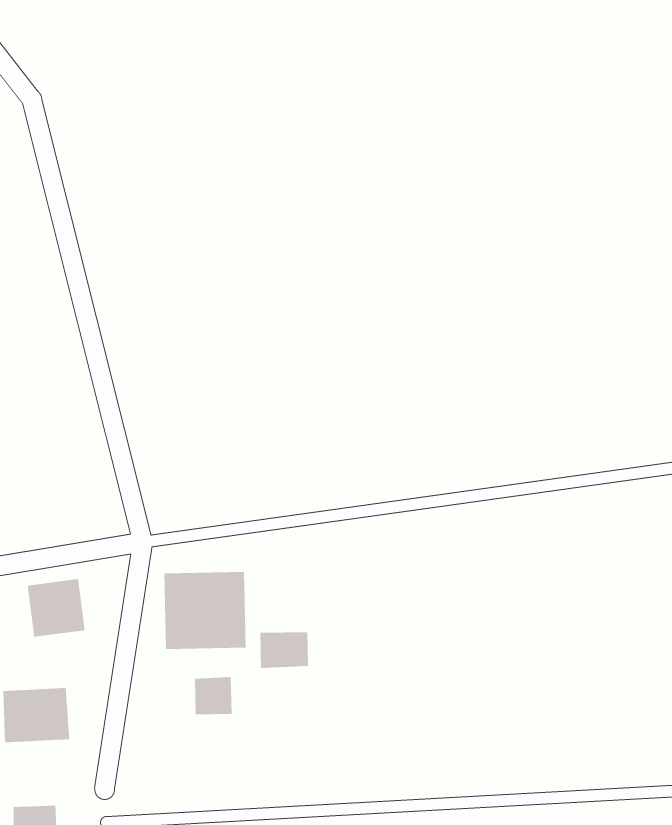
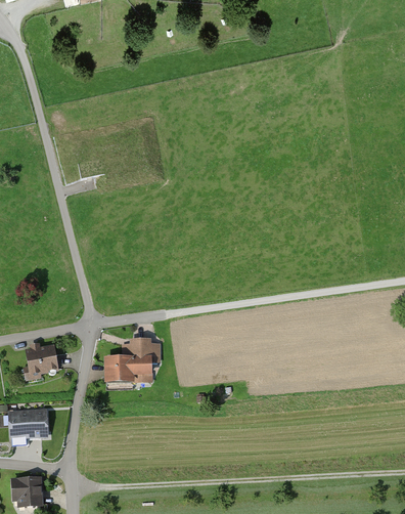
building: [260,631,308,669] -> none
building: [195,676,232,715] -> none

